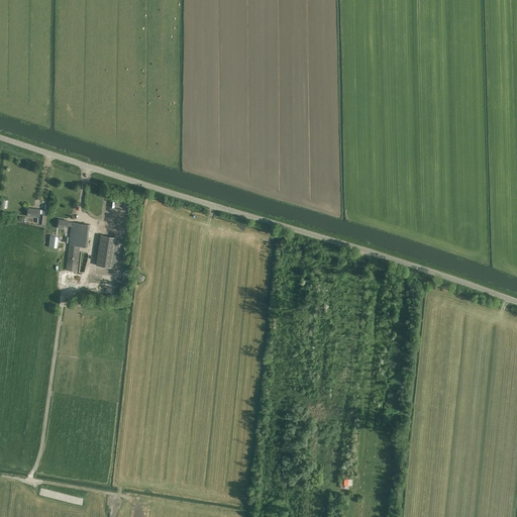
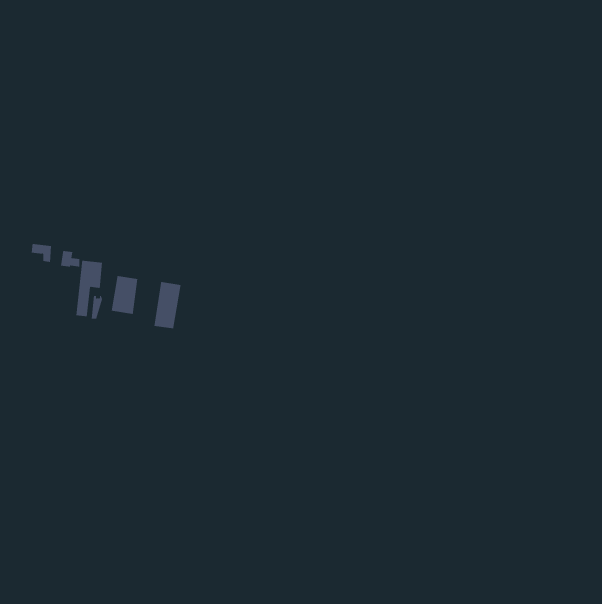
building: none -> [154,281,181,329]

